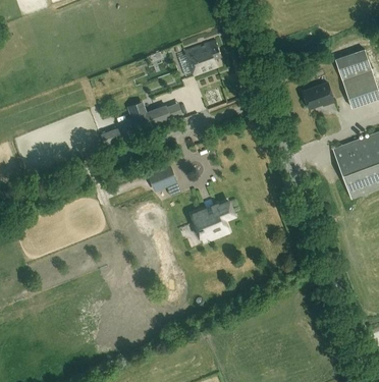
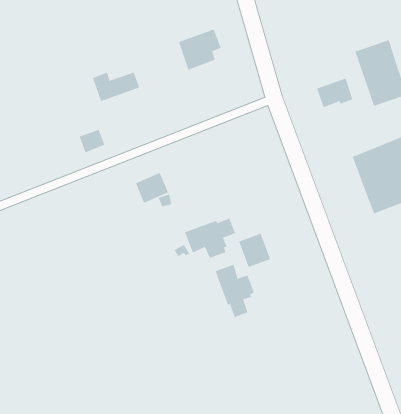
building: [129,105,170,130] -> [92,72,140,102]
building: none -> [239,233,271,268]
building: none -> [215,264,255,318]

